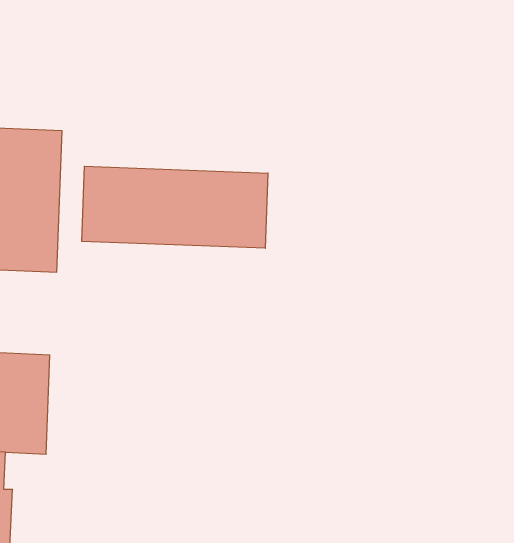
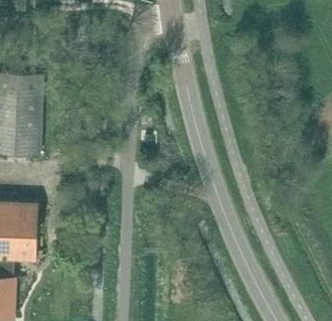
building: [82,166,268,248] -> none

